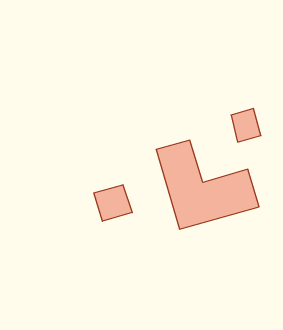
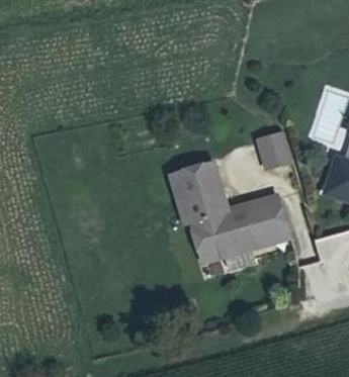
building: [94,185,132,221] -> none

